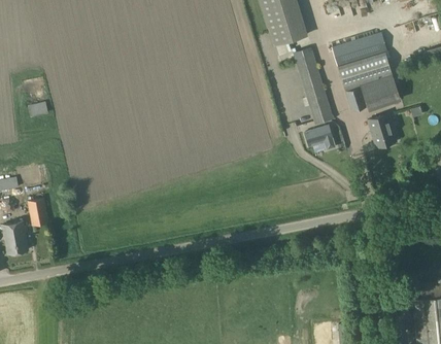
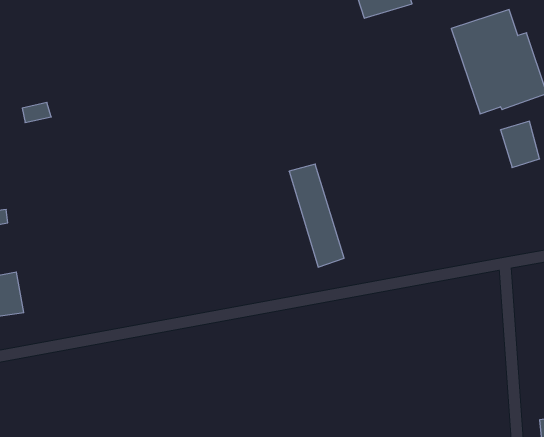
building: [296,50,335,124] -> [289,164,344,267]
building: [304,126,334,148] -> none
building: [31,199,50,226] -> none

